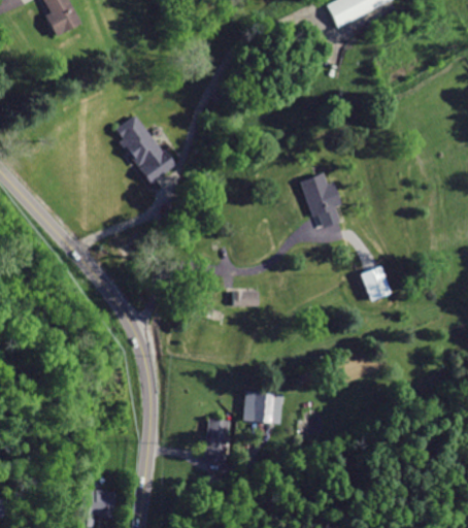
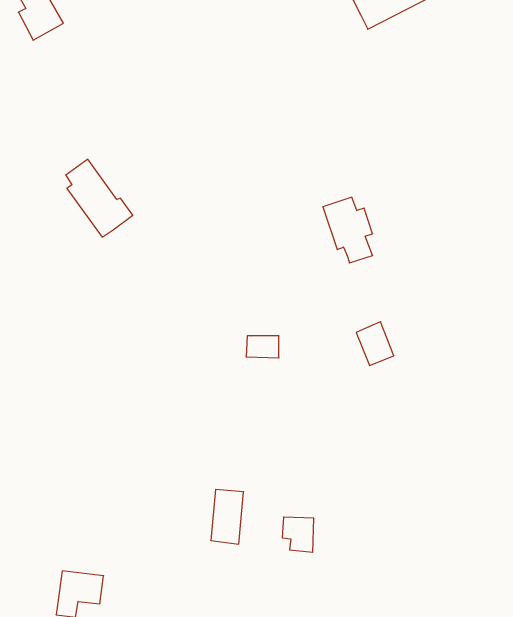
building: [116,116,173,182] -> [66,159,133,237]
building: [363,263,395,300] -> [356,322,394,366]
building: [246,393,273,423] -> [282,517,314,552]

